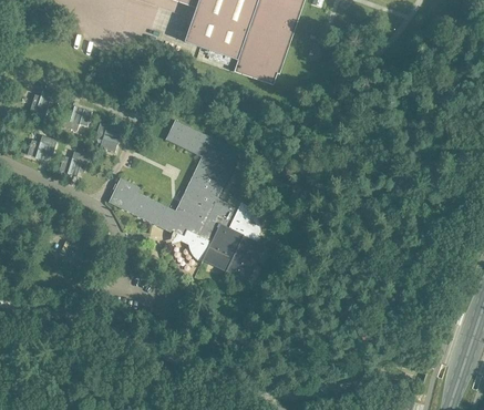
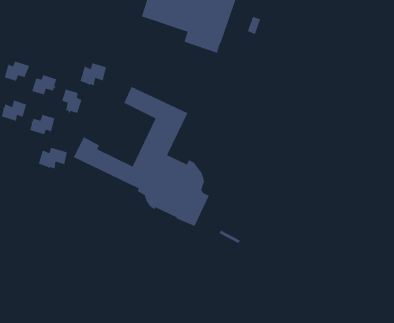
building: none -> [79,62,107,86]
building: none -> [38,147,68,170]

